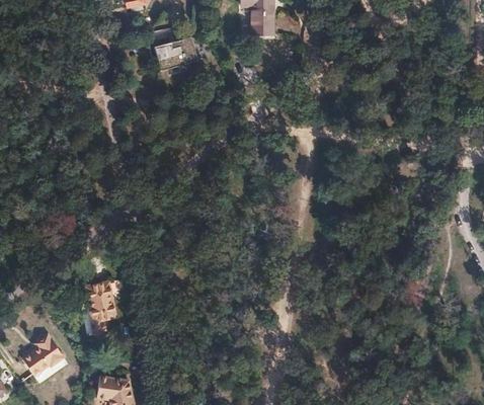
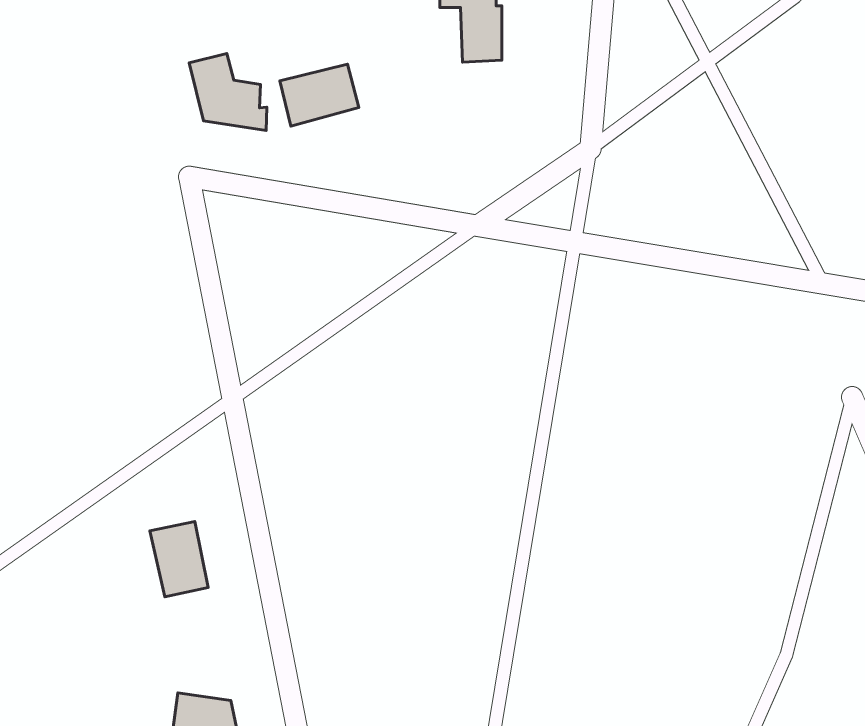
building: none -> [189,53,267,130]
building: [22,338,63,375] -> none

